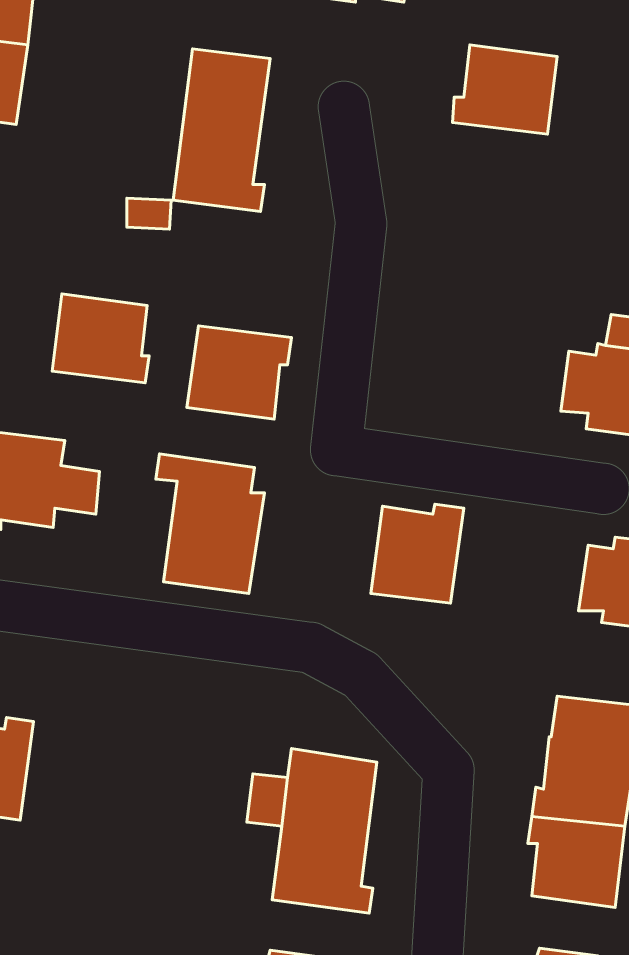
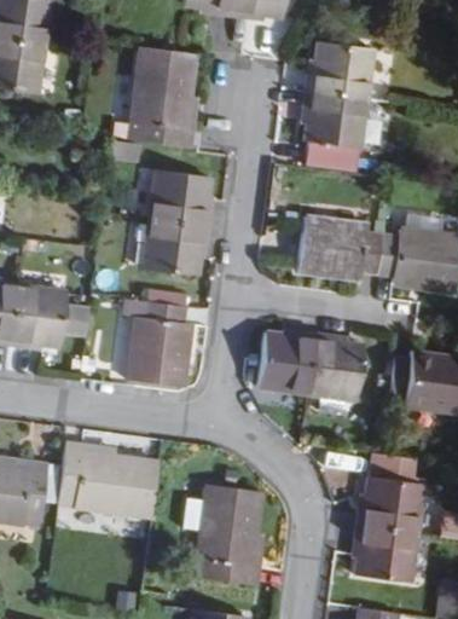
building: none -> [307,93,369,172]
building: [52,294,149,383] -> [151,172,211,227]
building: none -> [295,219,382,279]
building: none -> [308,334,364,399]
building: none -> [59,442,158,516]

